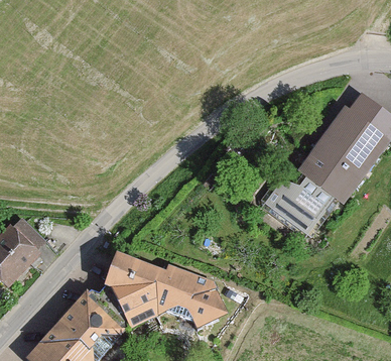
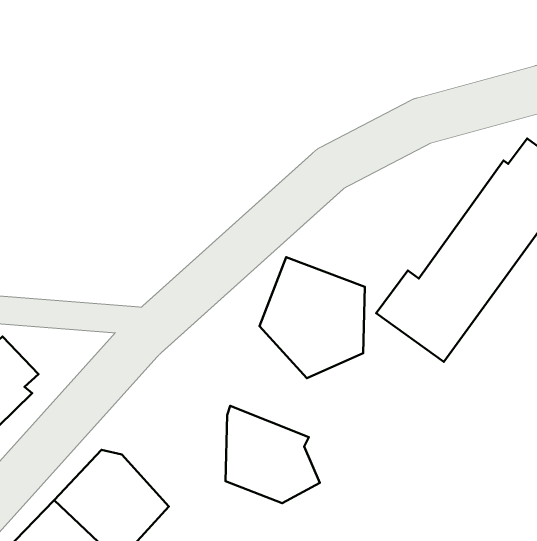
building: [100,250,167,328] -> [260,257,365,378]

